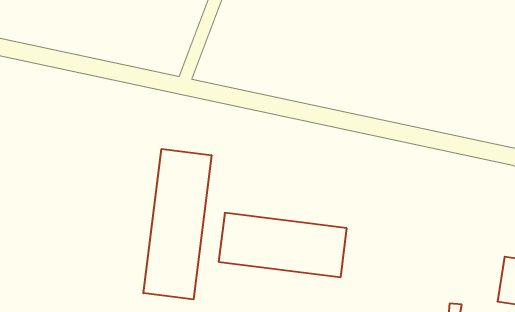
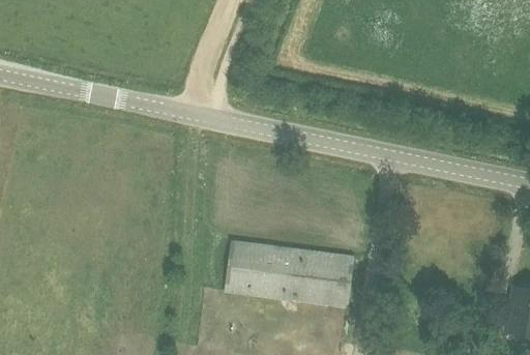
building: [143,149,211,299] -> none

